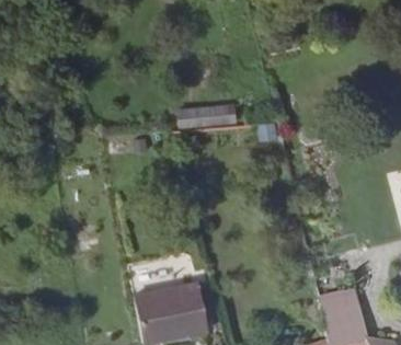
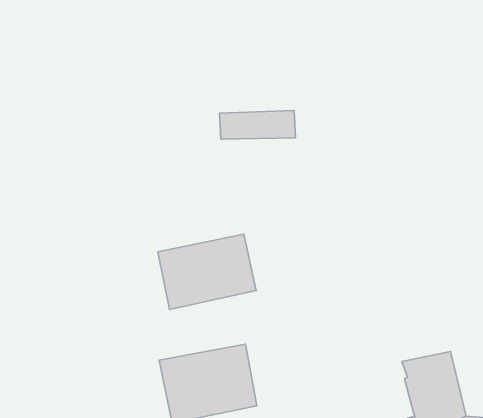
building: none -> [158,234,256,310]

